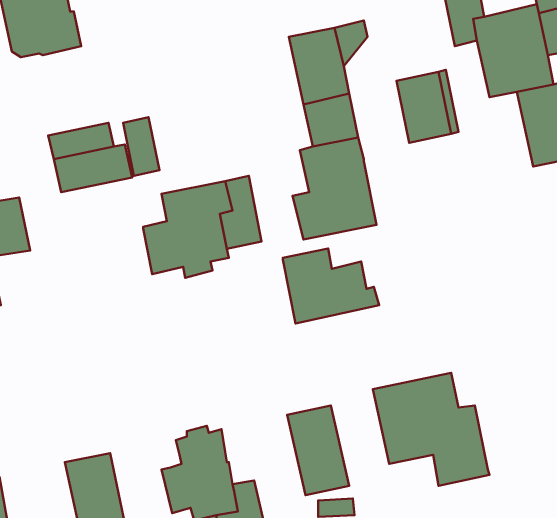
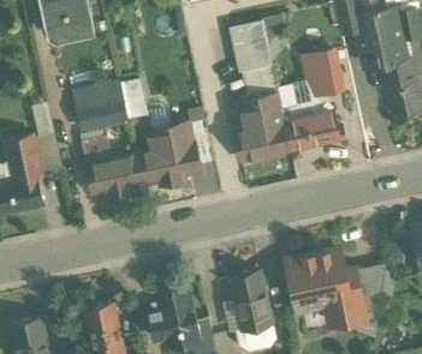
building: none -> [81,136,141,198]
building: [283,249,379,323] -> [280,103,344,152]
building: none -> [353,264,386,313]

